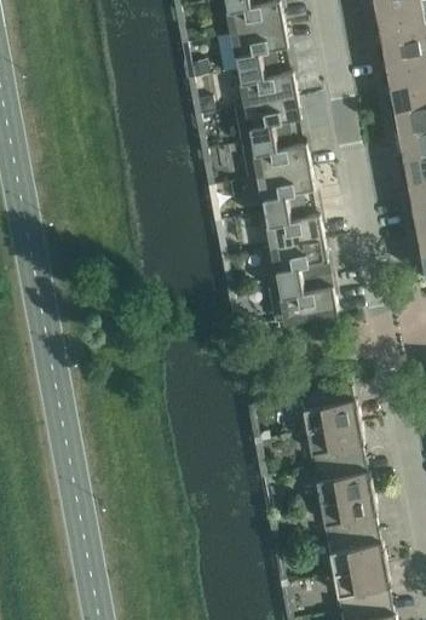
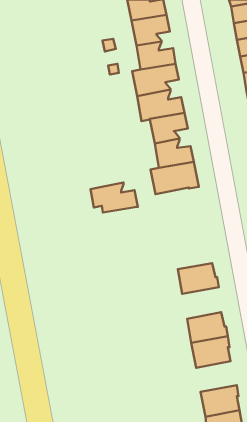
building: [267,276,336,320] -> [90,183,138,213]
building: [306,421,363,467] -> none
building: [327,529,386,574] -> none

